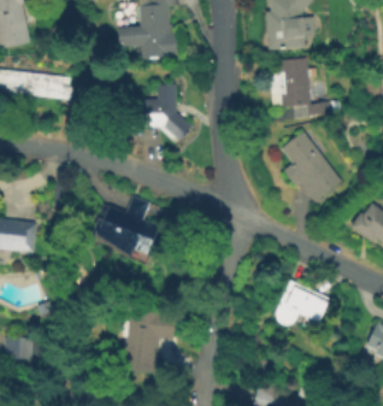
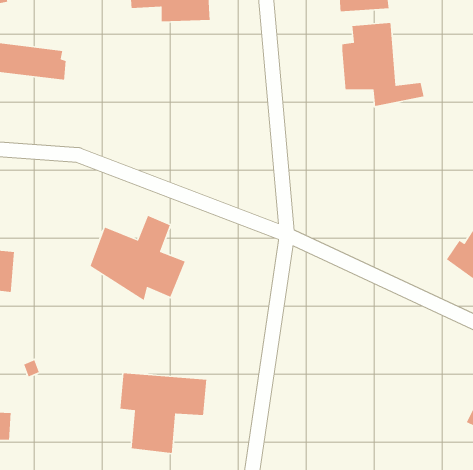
building: [130,87,190,141] -> none
building: [279,133,343,205] -> none
building: [271,282,330,330] -> none

